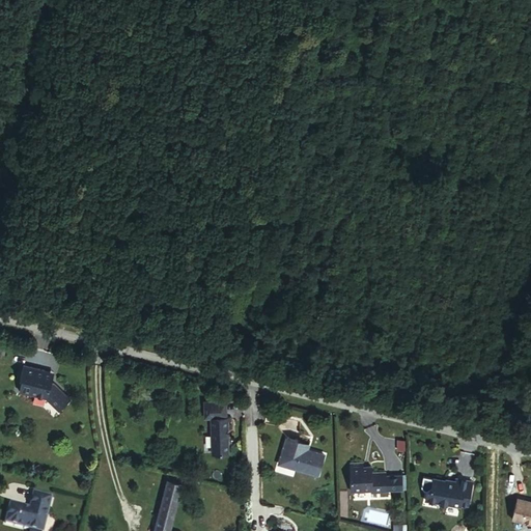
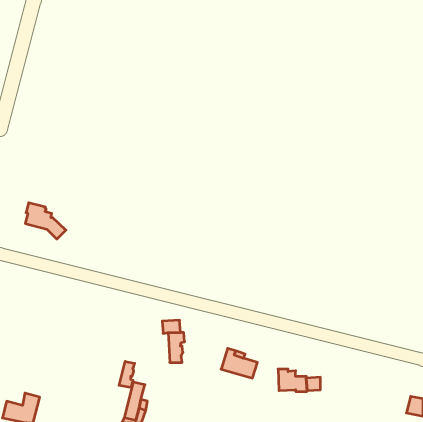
building: [19,365,69,411] -> [25,203,66,239]
building: none -> [119,361,135,388]
building: [423,477,471,506] -> none

